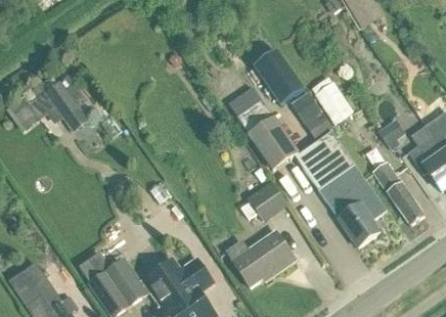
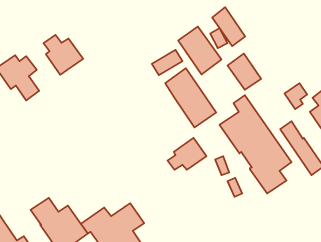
building: none -> [44,35,83,75]
building: [288,93,327,139] -> [212,7,245,46]
building: [228,230,296,286] -> none

